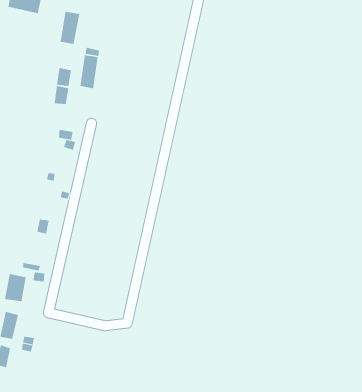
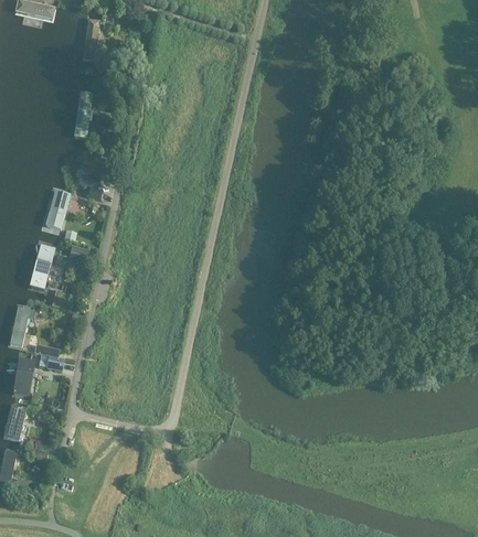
building: [80,55,98,89] -> none
building: none -> [39,184,71,233]
building: none -> [30,246,60,293]
building: none -> [8,305,31,347]

